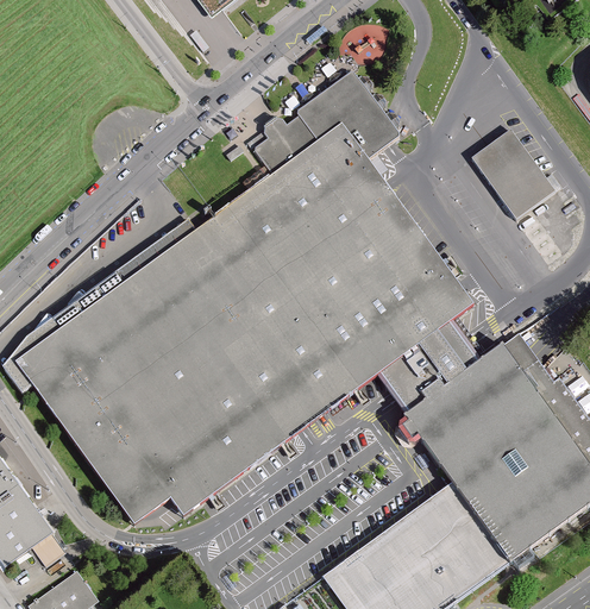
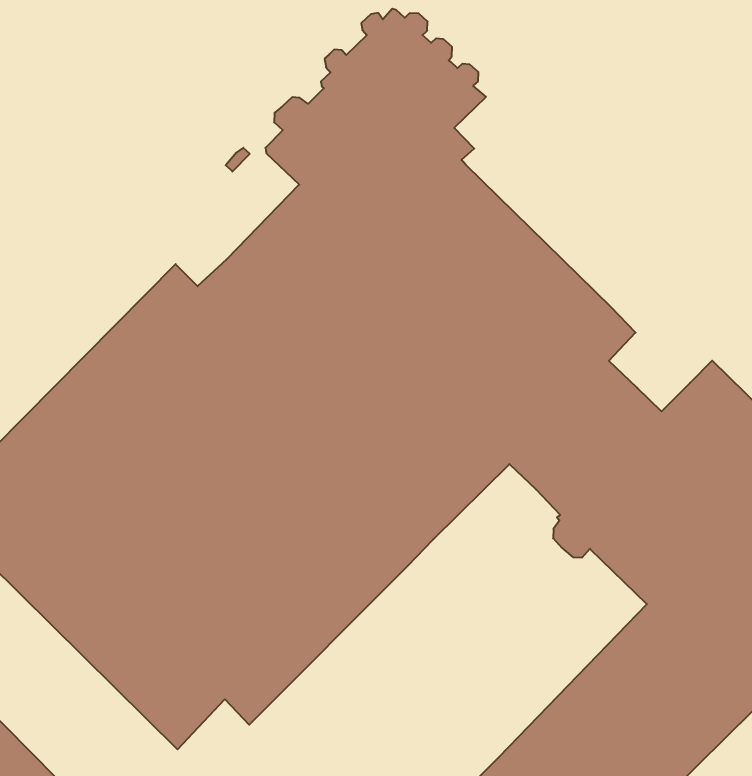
building: [472,131,561,220] -> none

